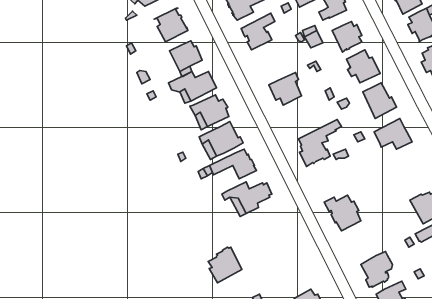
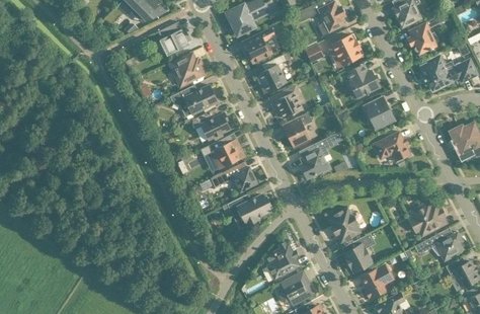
building: none -> [256,55,287,93]
building: none -> [283,112,312,149]
building: none -> [344,234,373,271]
building: [208,247,242,283] -> [266,244,300,280]
building: none -> [278,274,309,305]

